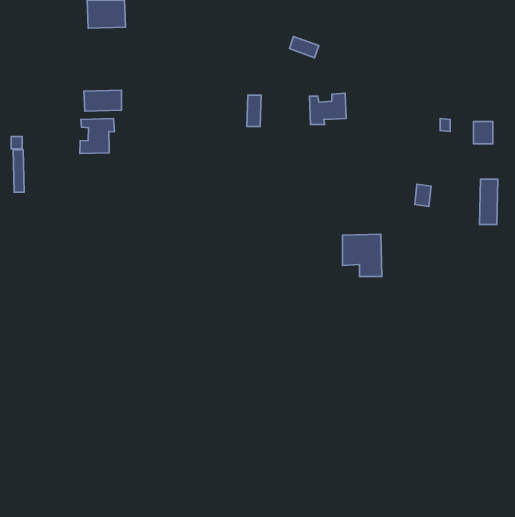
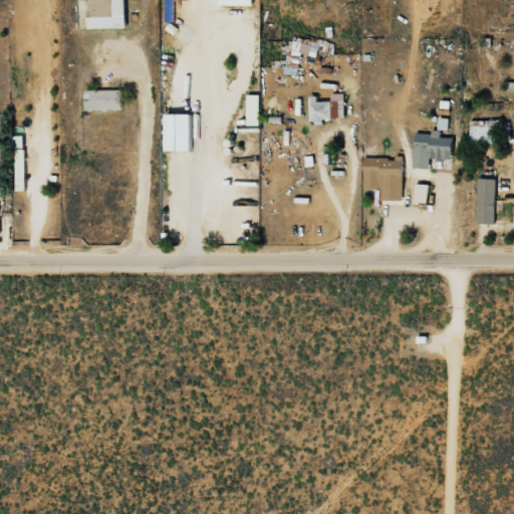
building: none -> [165,113,191,151]
building: [80,118,115,153] -> none
building: none -> [412,132,451,169]
building: [342,234,382,277] -> [362,158,402,200]

